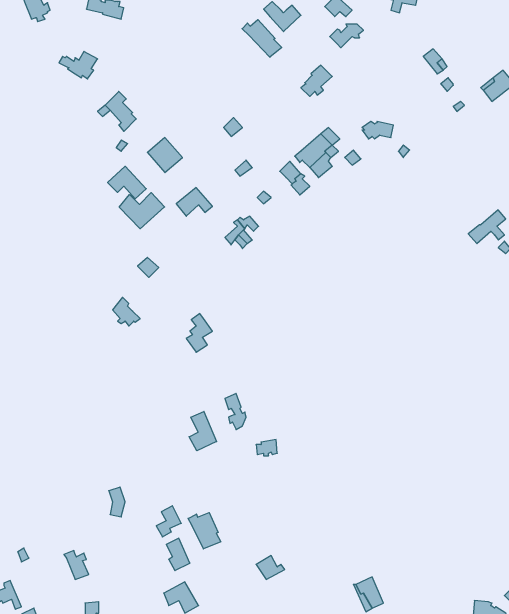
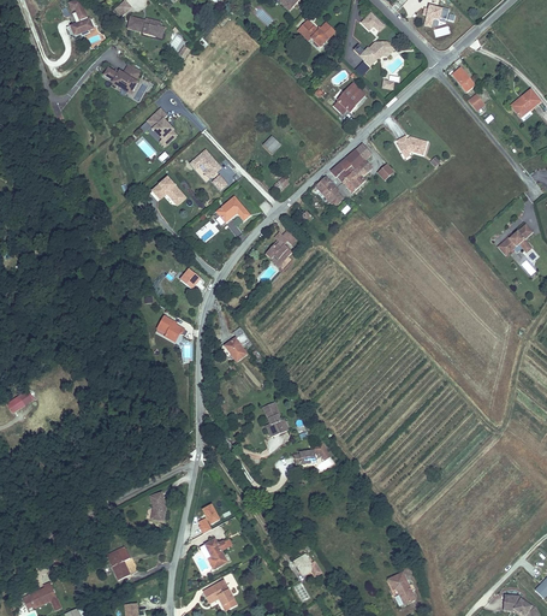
building: [242,20,282,57] -> none
building: [119,193,165,229] -> none
building: [189,411,217,451] -> none
building: [188,513,221,549] -> none

